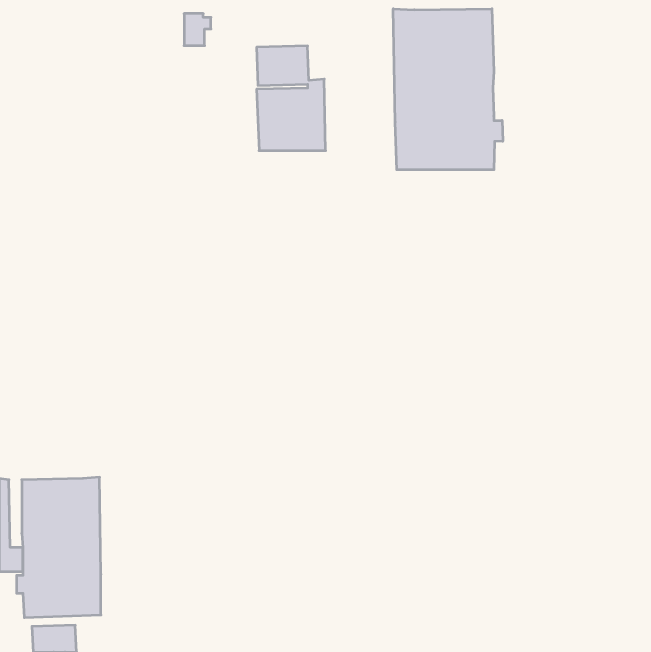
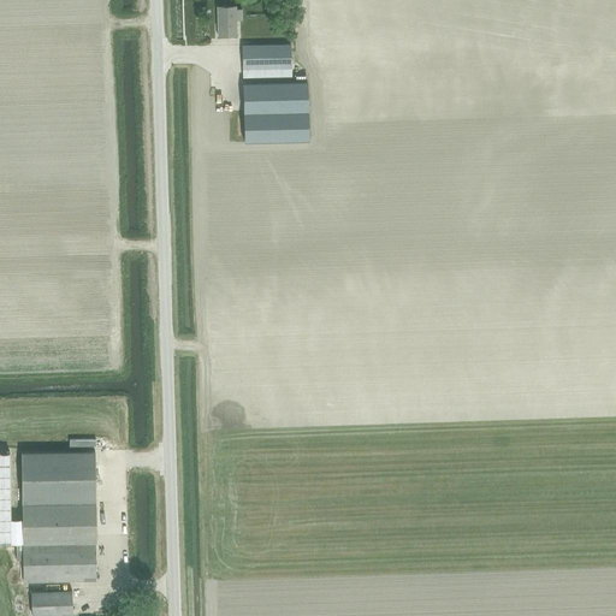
building: [393,9,503,170] -> none
building: [184,14,211,46] -> [217,6,242,36]

